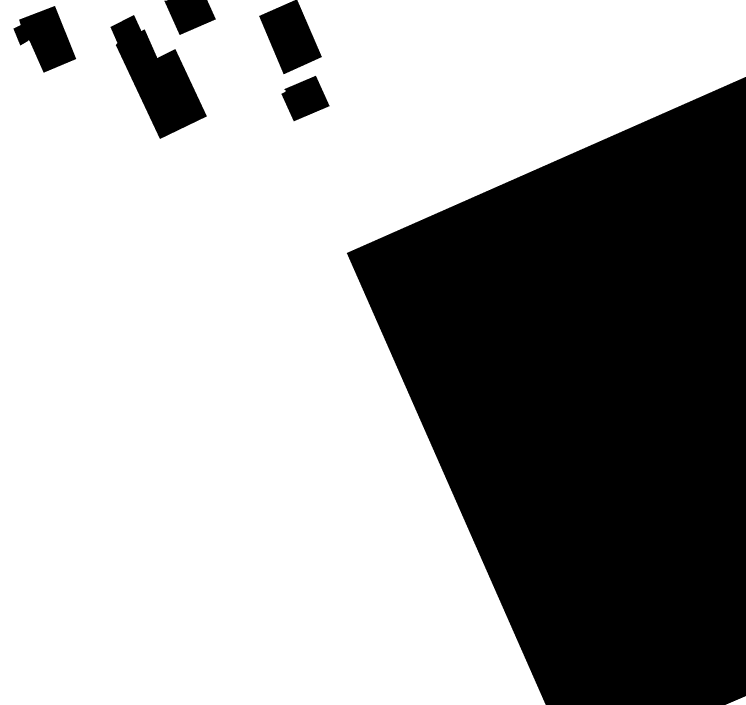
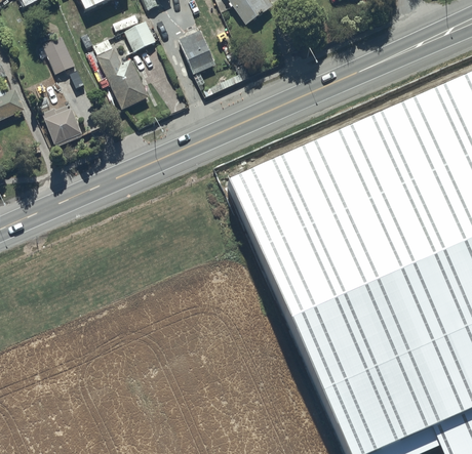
building: [280,75,330,122] -> none
building: none -> [41,105,82,148]

